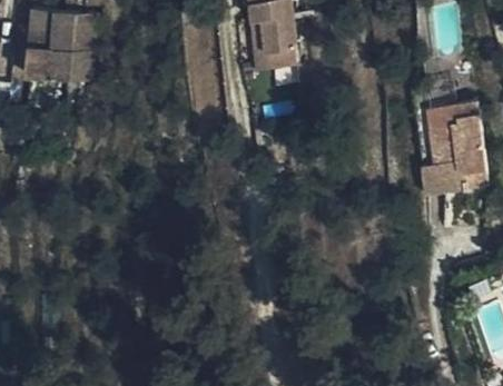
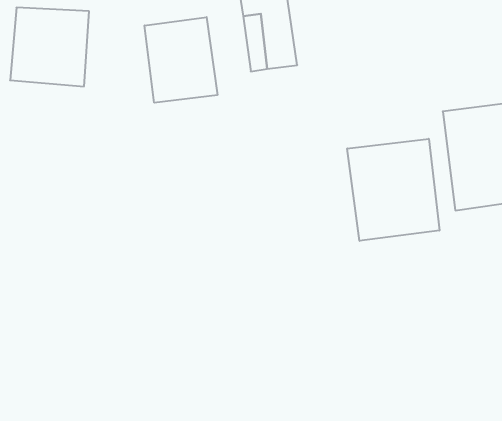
building: none -> [145,17,217,103]
building: none -> [347,139,439,241]

